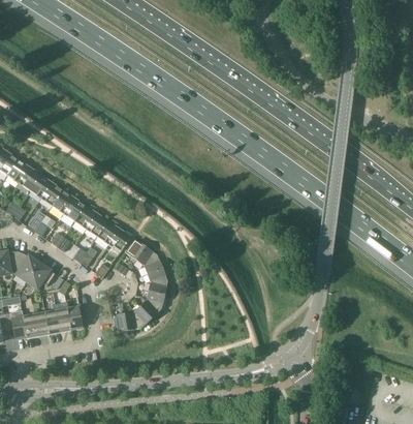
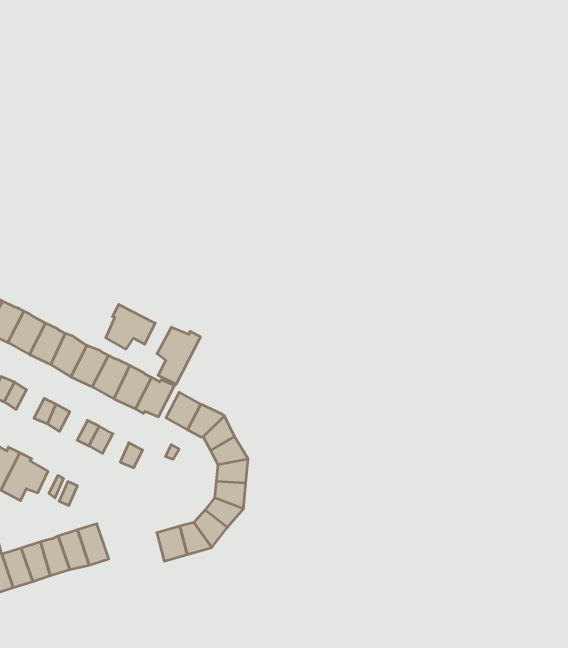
building: none -> [106,304,155,349]
building: none -> [157,327,200,384]

